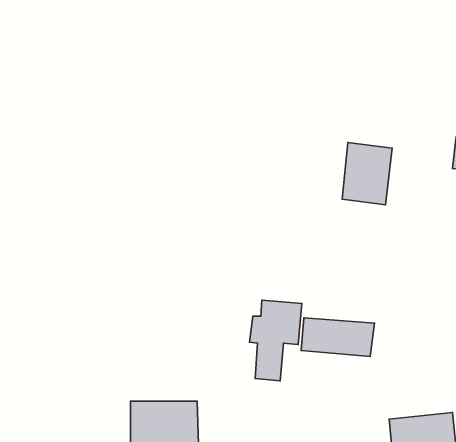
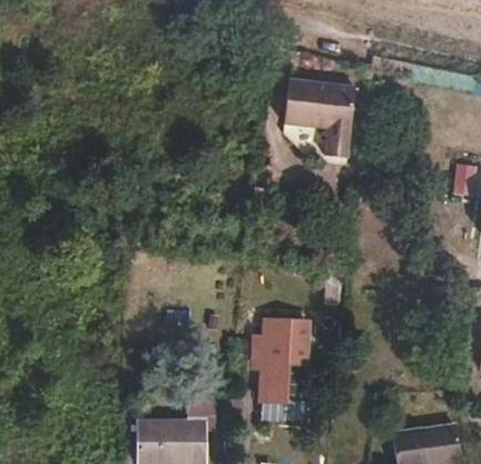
building: [342,142,392,205] -> [293,87,342,148]
building: [301,318,374,356] -> none

